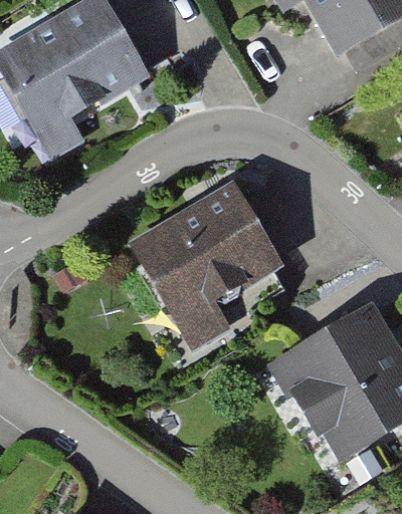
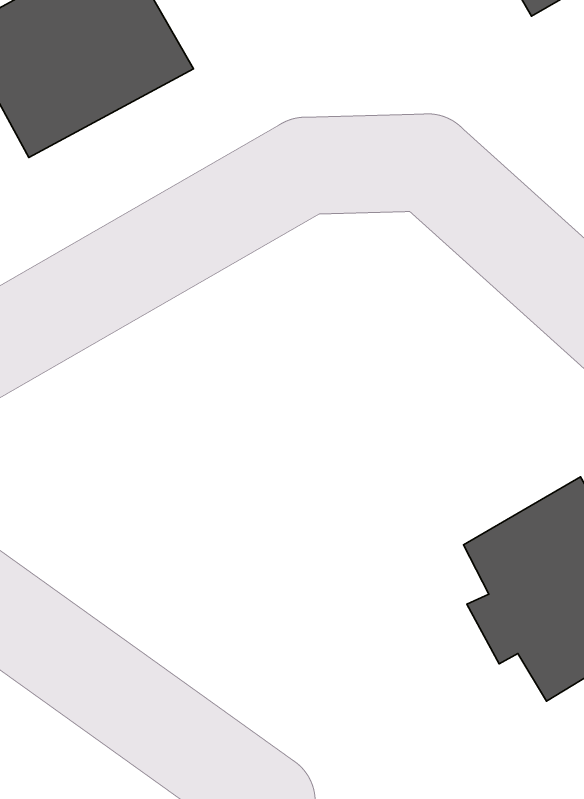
building: [144,192,274,313] -> none

